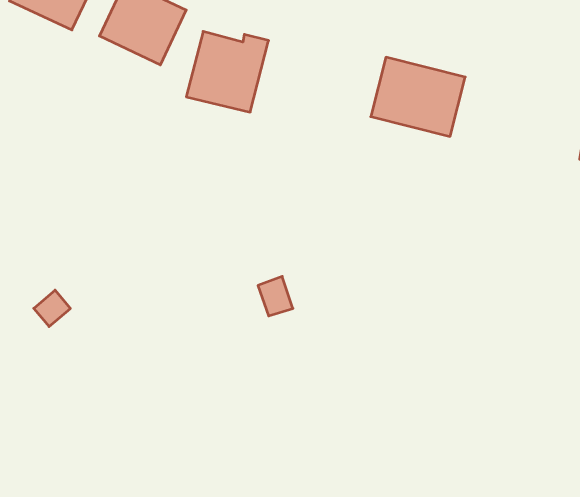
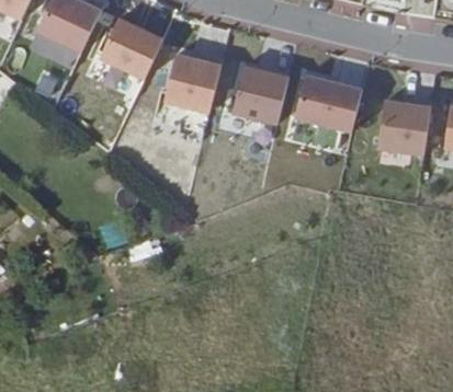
building: none -> [229,67,285,125]
building: none -> [375,100,431,155]

